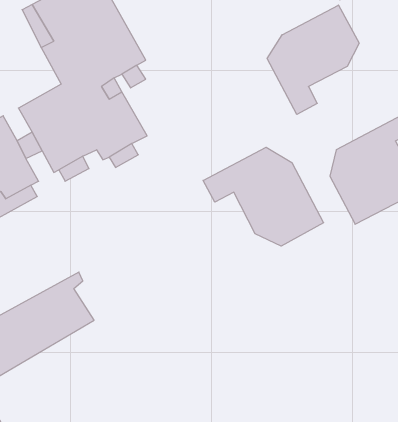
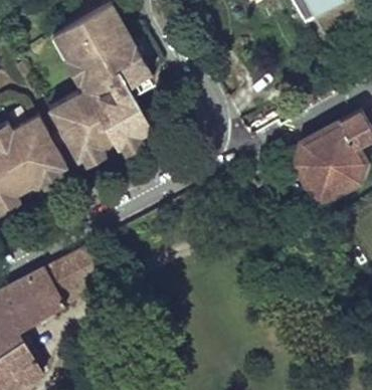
building: [267,5,359,114] -> none
building: [203,147,324,246] -> none

